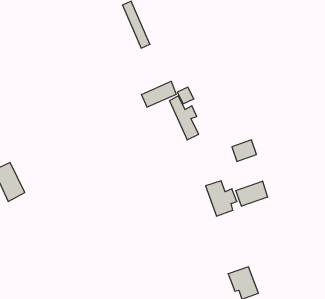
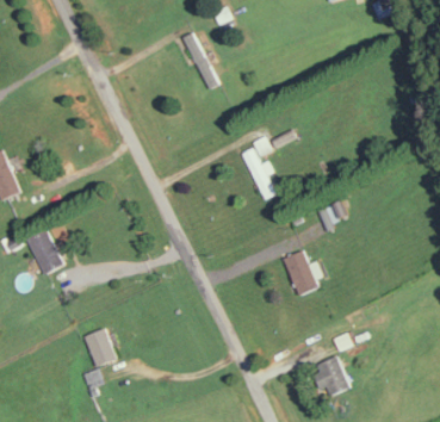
building: [141,81,176,107] -> none
building: [236,181,268,206] -> none
building: none -> [82,327,117,366]

